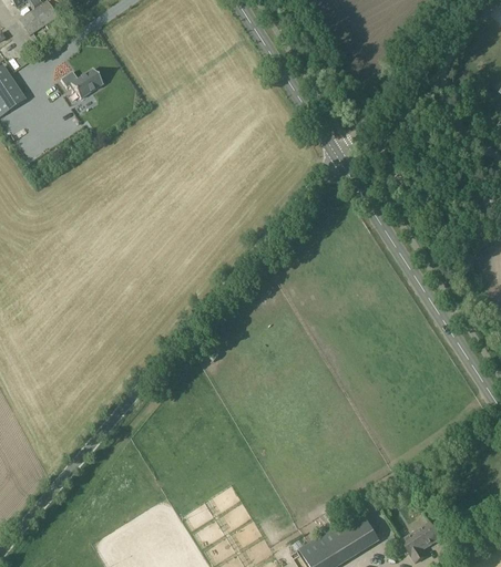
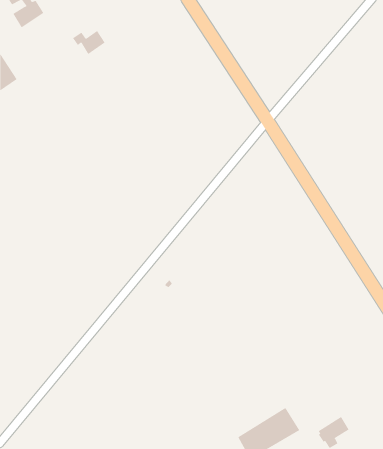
building: [60,72,102,103] -> [72,30,106,55]

